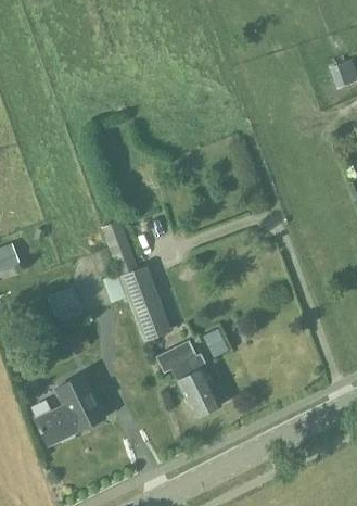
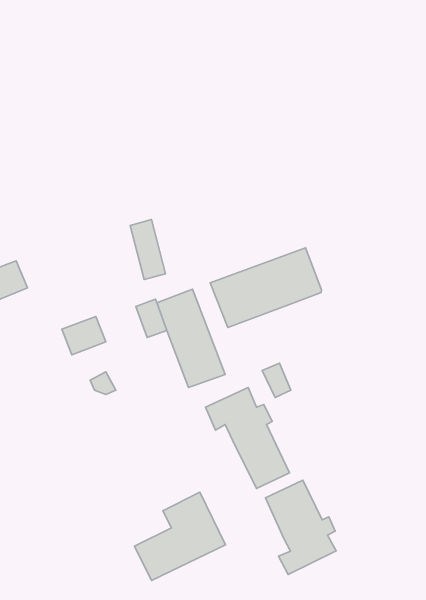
building: none -> [210,248,321,328]
building: [36,379,105,446] -> [134,492,226,580]
building: none -> [266,480,336,574]

